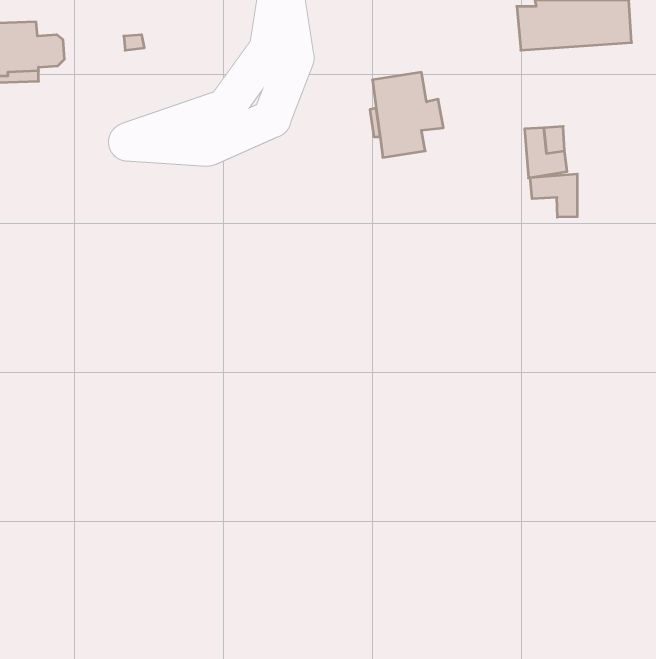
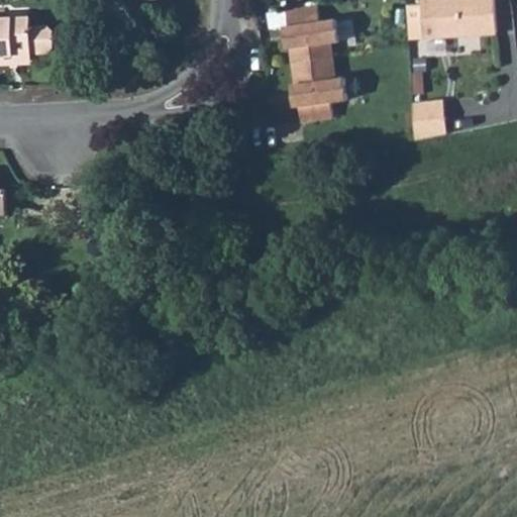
building: none -> [285,6,339,63]
building: [530,174,577,217] -> none

